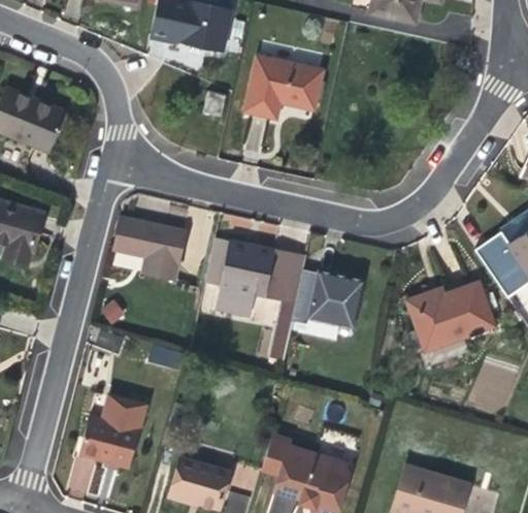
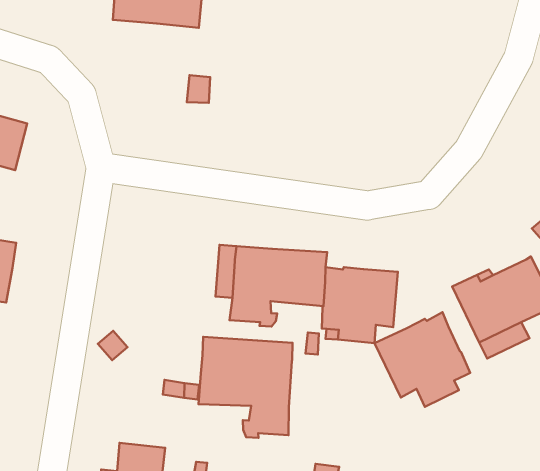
building: [245,56,322,116] -> none
building: [113,217,185,280] -> none
building: none -> [199,337,292,438]
building: none -> [375,312,470,407]

